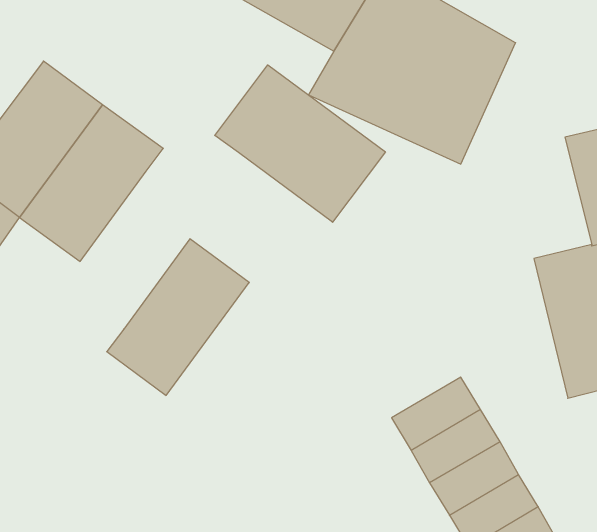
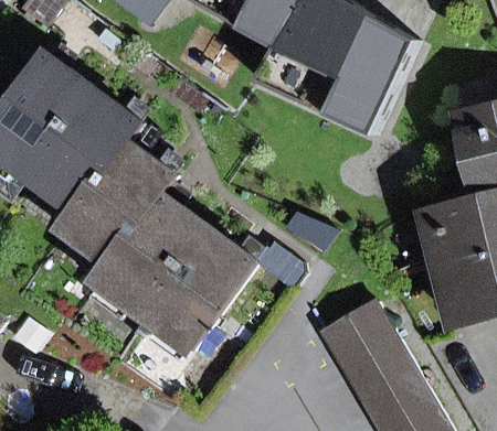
building: [215,65,385,222] -> none
building: none -> [62,140,175,263]
building: none -> [142,227,255,349]

